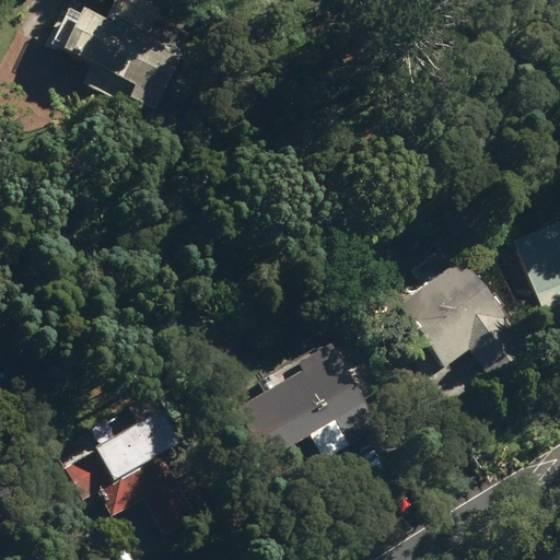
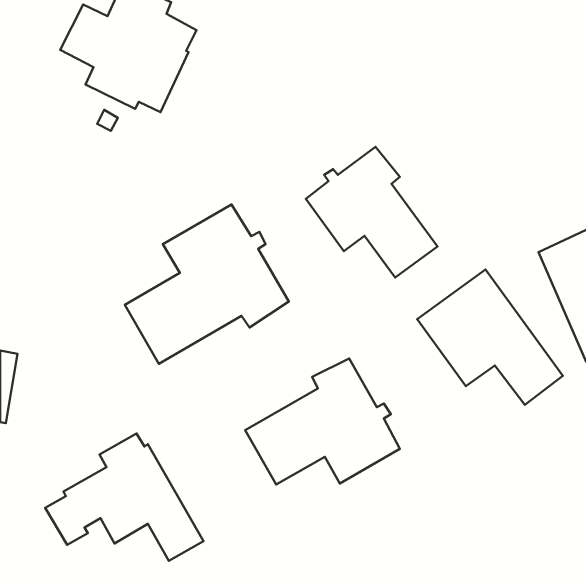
building: none -> [306,147,437,278]
building: none -> [125,204,289,364]

